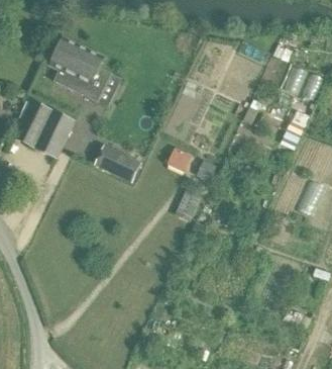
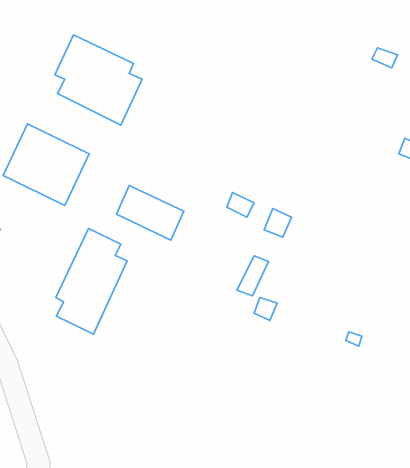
building: none -> [56,228,127,334]

